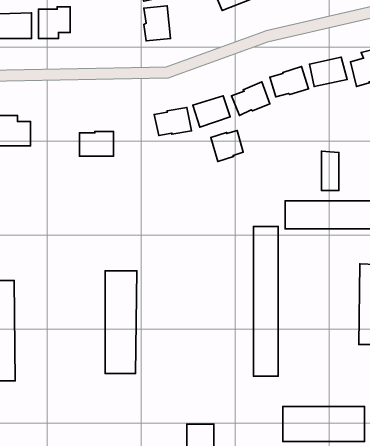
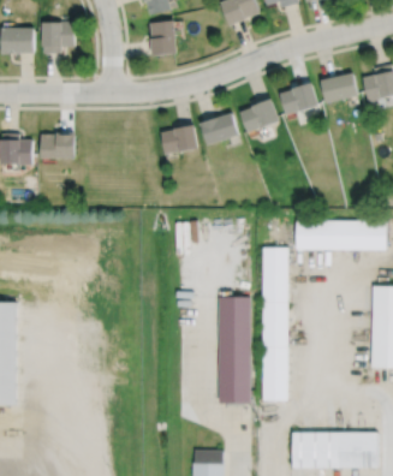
building: [211,130,243,161] -> none
building: [80,132,113,156] -> [40,132,75,157]
building: [321,151,339,191] -> none
building: [105,271,137,374] -> [218,297,250,403]

